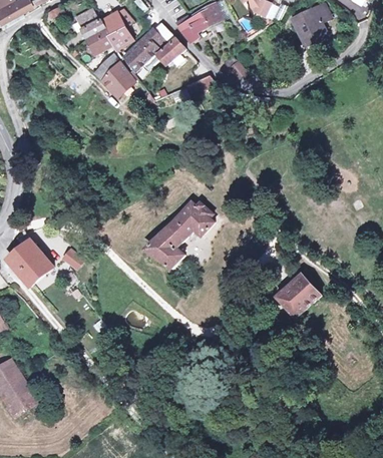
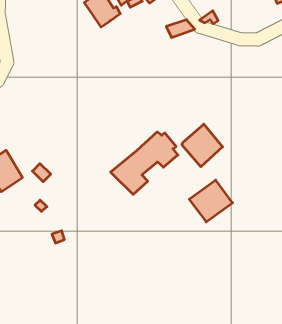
building: none -> [182,124,223,167]
building: [277,274,324,320] -> [189,180,233,222]

